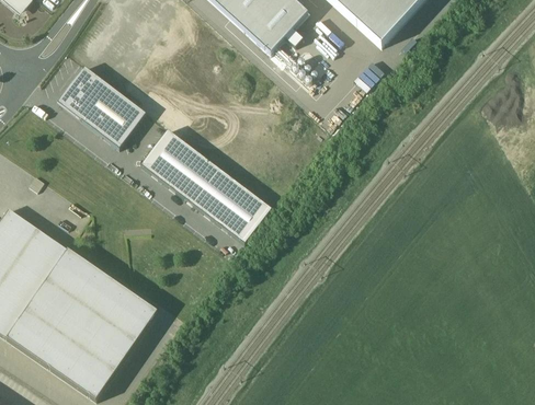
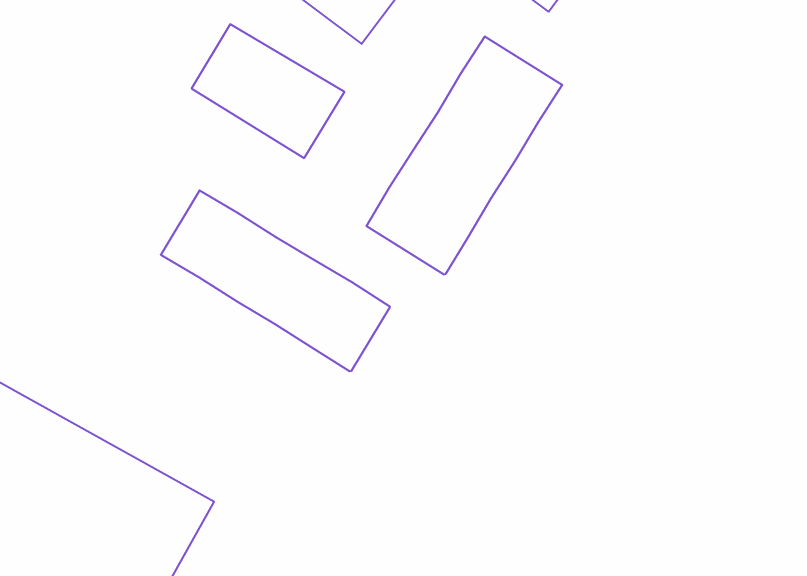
building: none -> [366,36,562,275]
building: [58,66,147,148] -> [192,24,344,158]

